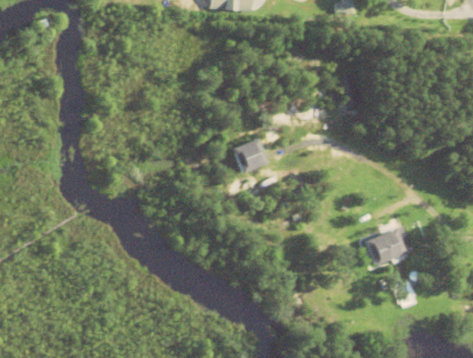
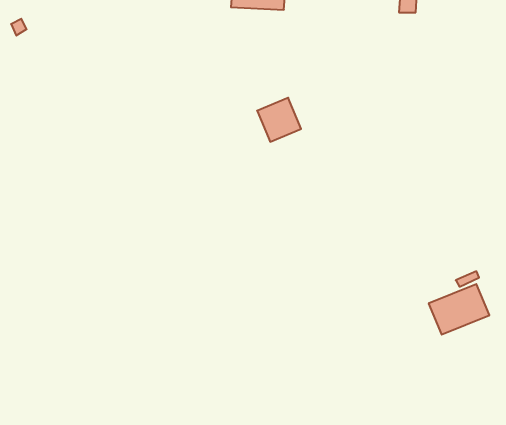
building: [230,138,264,173] -> [257,98,301,142]

